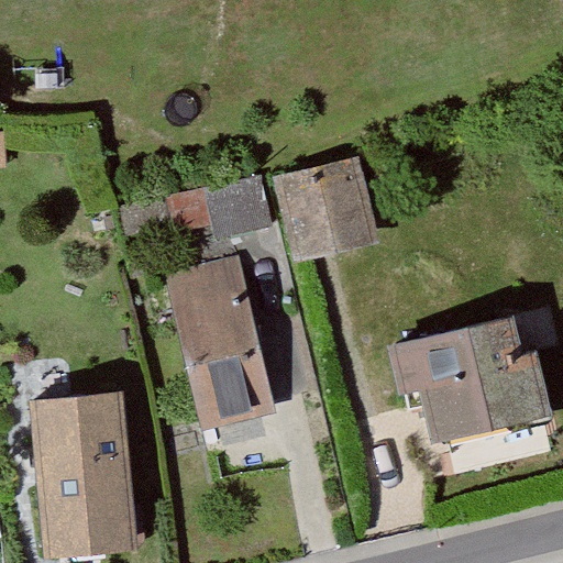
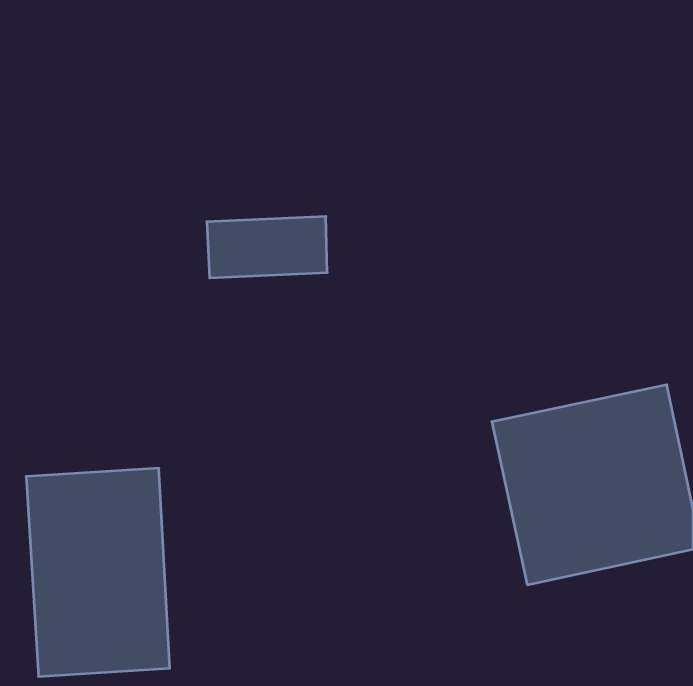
building: [273,162,386,282] -> none
building: [159,254,286,440] -> none

